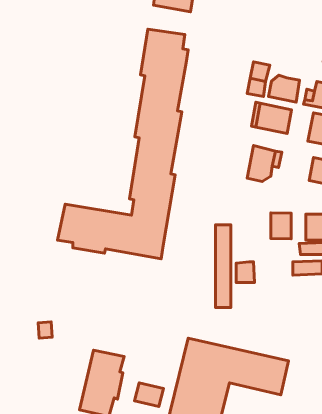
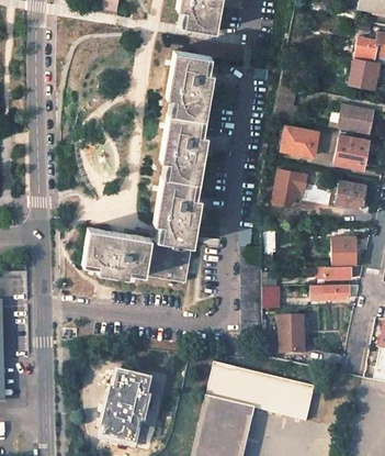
building: [269,75,300,102] -> none
building: [271,213,291,239] -> none
building: none -> [281,316,305,352]
building: [134,383,164,407] -> none

